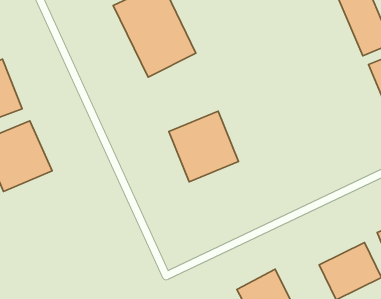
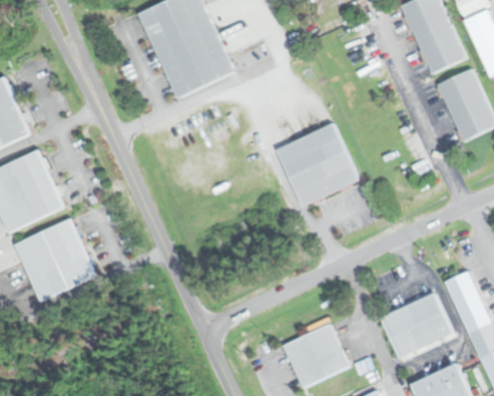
building: [169,111,239,182] -> [277,122,359,206]
building: none -> [14,218,96,301]

